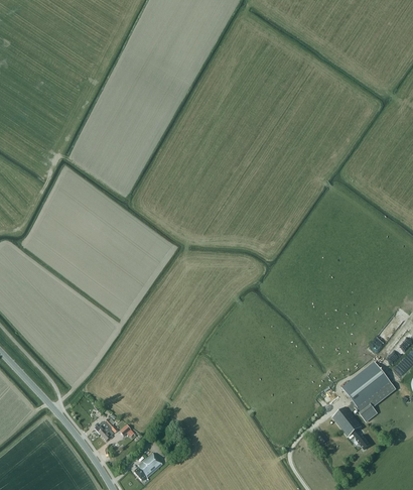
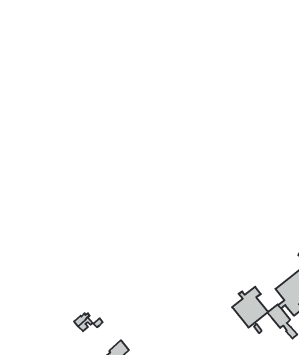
building: none -> [232,287,268,328]

